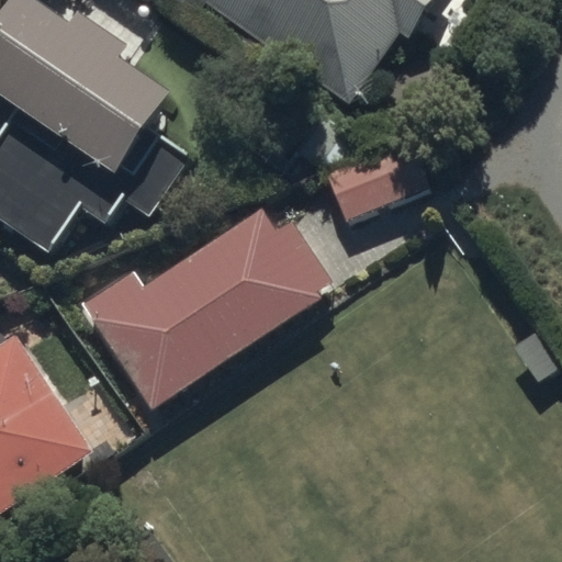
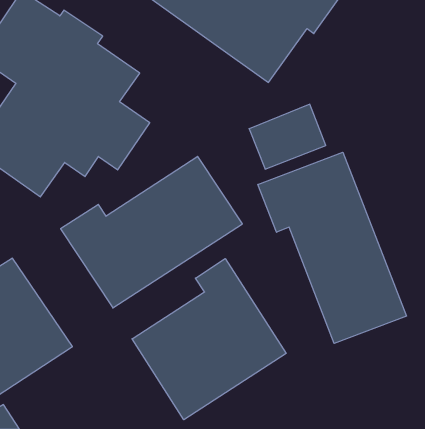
building: none -> [258,152,407,343]
building: none -> [132,259,286,420]

